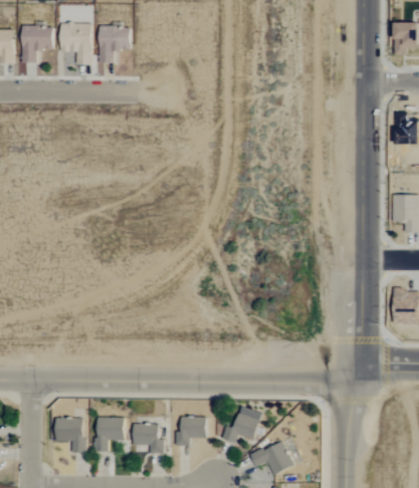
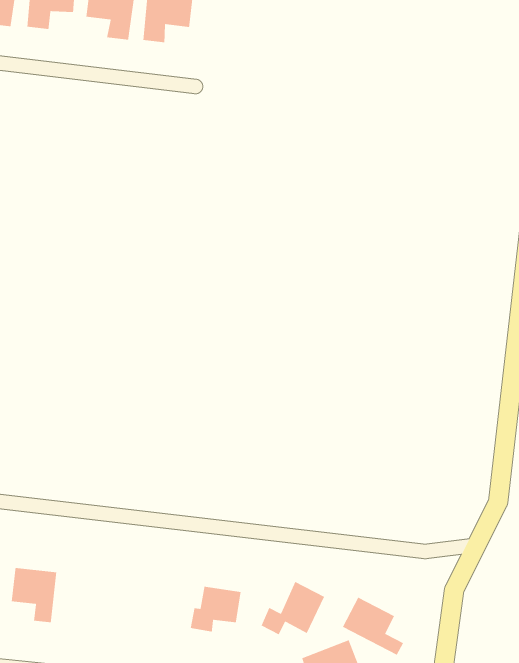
building: none -> [342,597,404,656]
building: [95,417,124,452] -> none
building: [133,423,163,453] -> none

